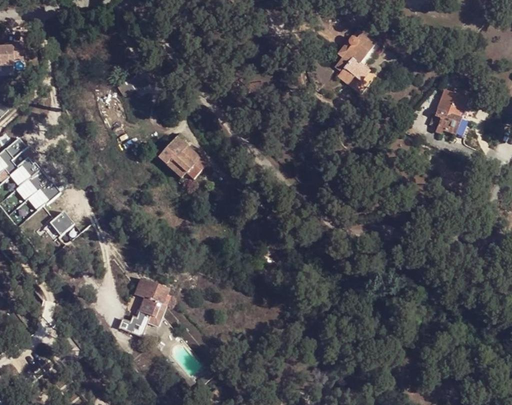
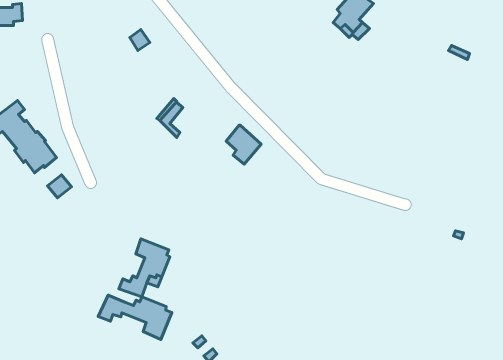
building: [425,89,468,138] -> none
building: [170,146,205,185] -> [226,125,261,164]
building: none -> [98,295,172,340]

